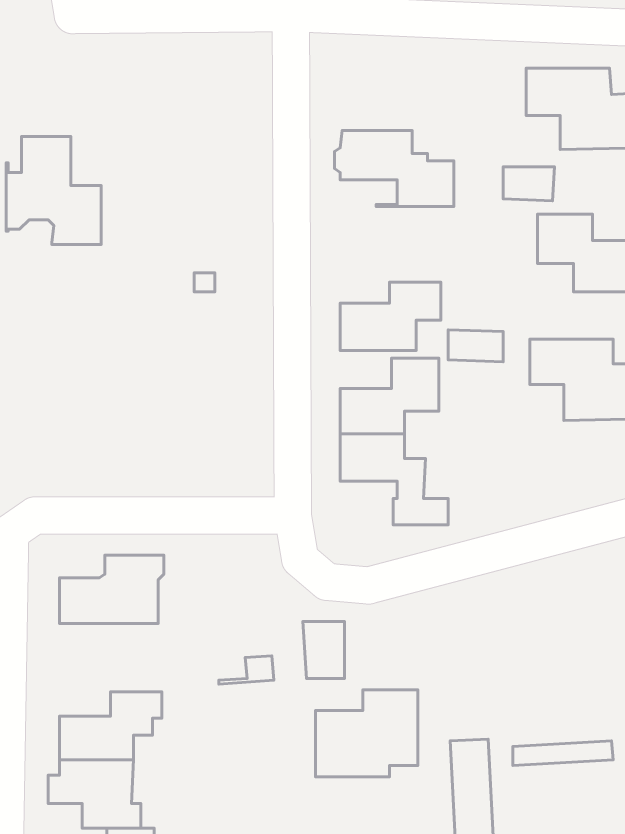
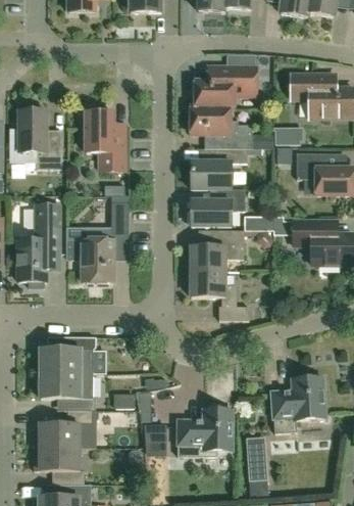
building: none -> [191,65,255,106]
building: none -> [85,110,124,170]
building: none -> [190,147,246,188]
building: none -> [110,200,128,233]
building: none -> [17,204,59,286]
building: none -> [82,238,112,280]
building: [303,622,344,678] -> [142,425,164,456]
building: none -> [39,372,94,409]
building: none -> [270,375,324,432]

